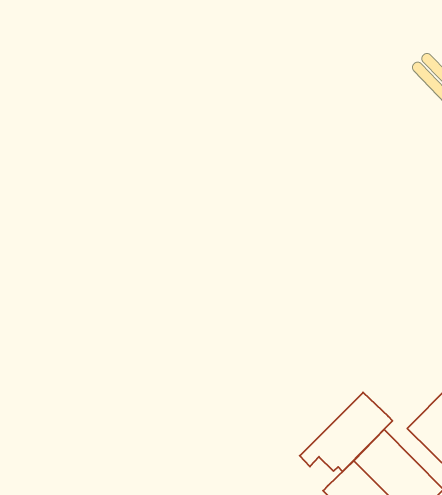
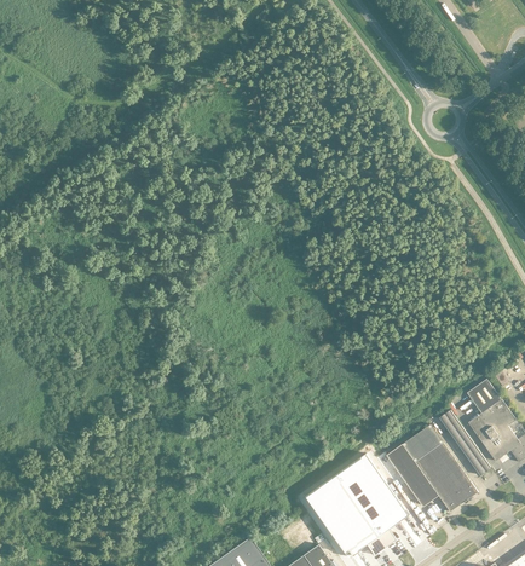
building: [300,392,392,472] -> none

